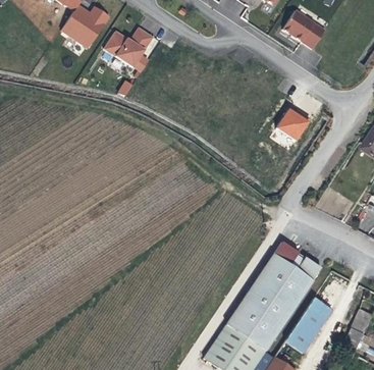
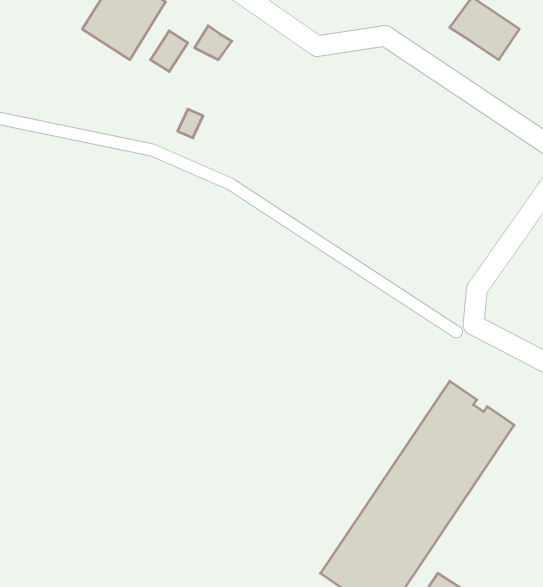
building: [113,39,143,67] -> none
building: [278,107,311,140] -> none
building: [284,298,331,353] -> none

